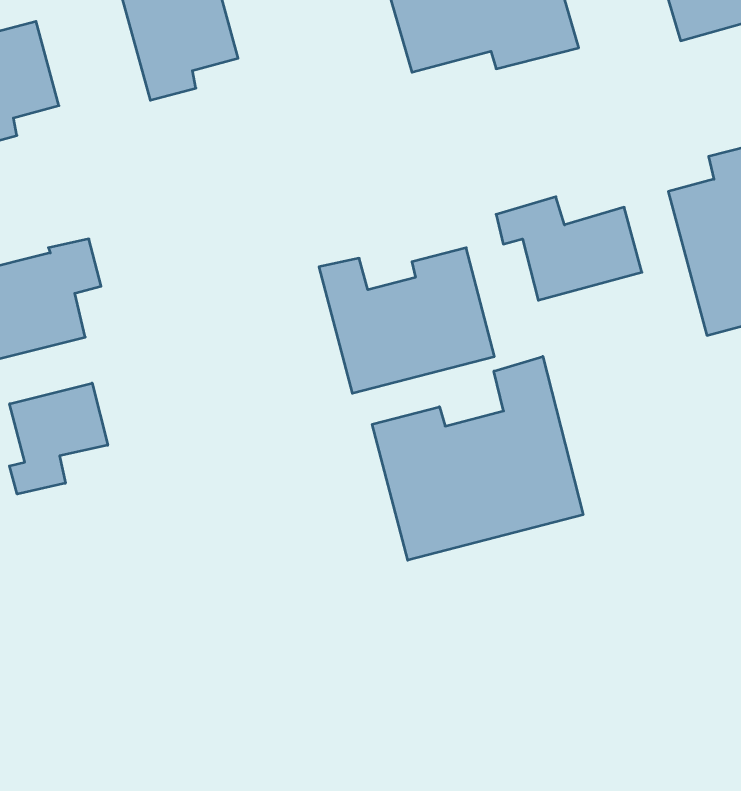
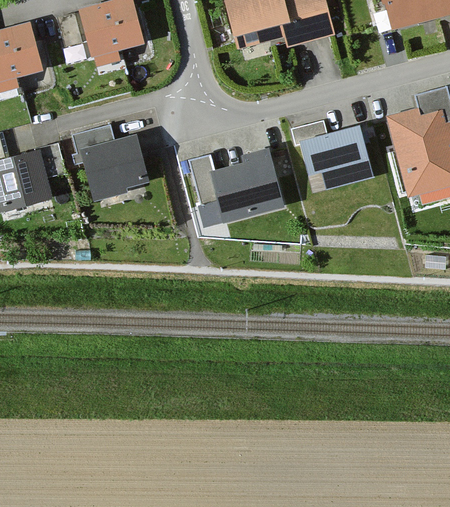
building: none -> [70,124,151,200]
building: [372,356,583,560] -> none
building: [9,383,108,494] -> none

